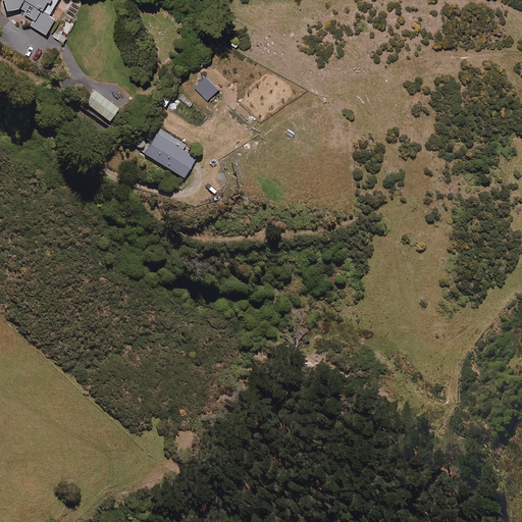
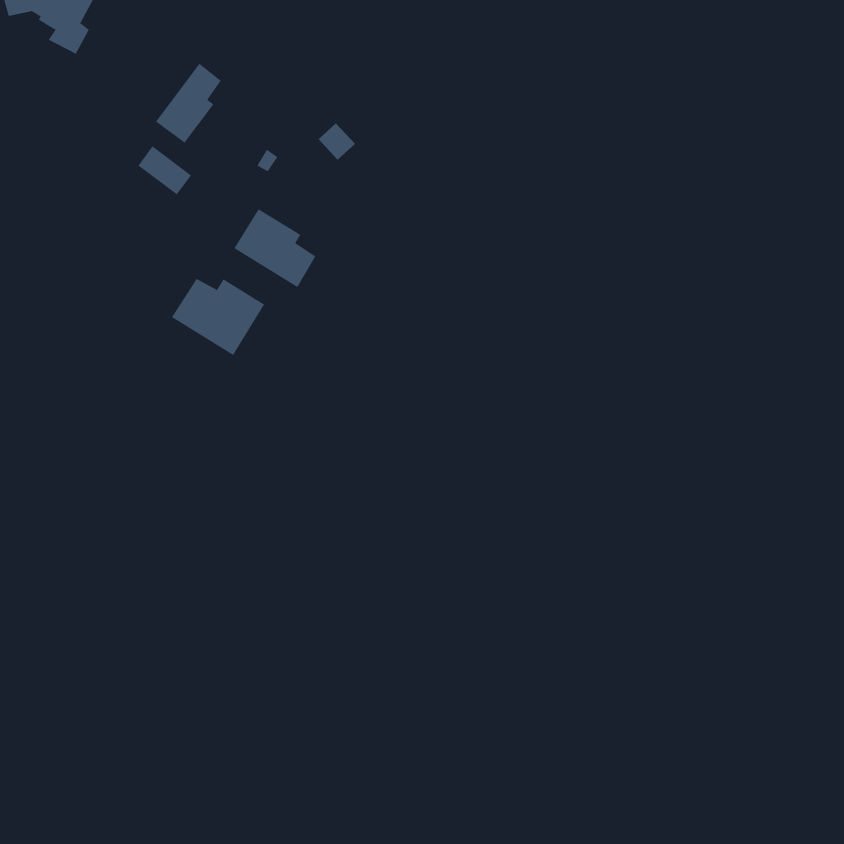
building: none -> [155,63,222,144]
building: none -> [171,278,265,356]

